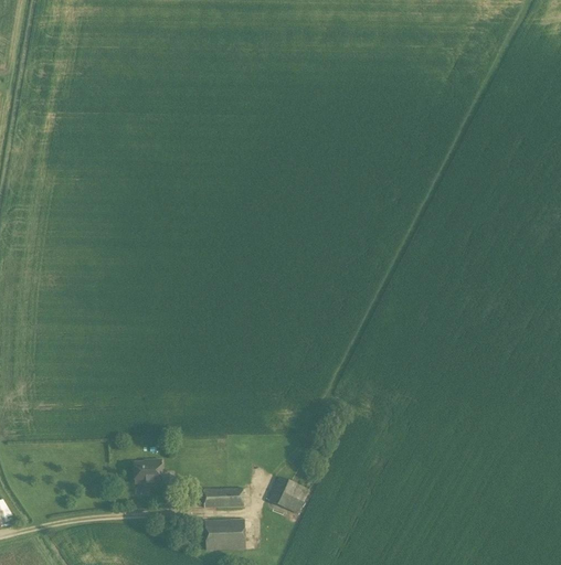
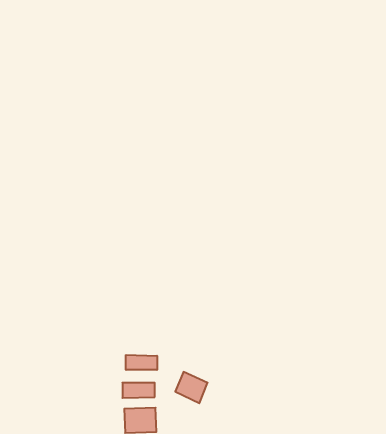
building: none -> [126,355,157,370]
building: [134,460,161,484] -> none

